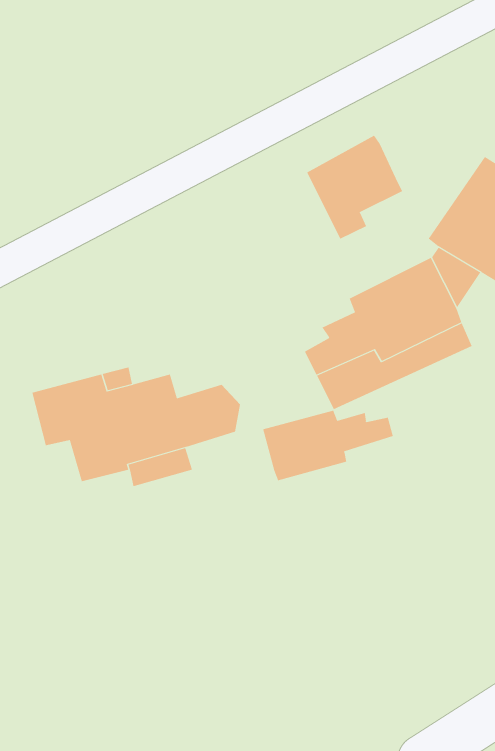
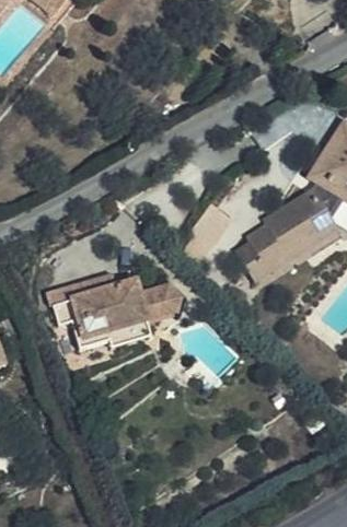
building: [306,135,403,240] -> none
building: [262,410,393,481] -> none

